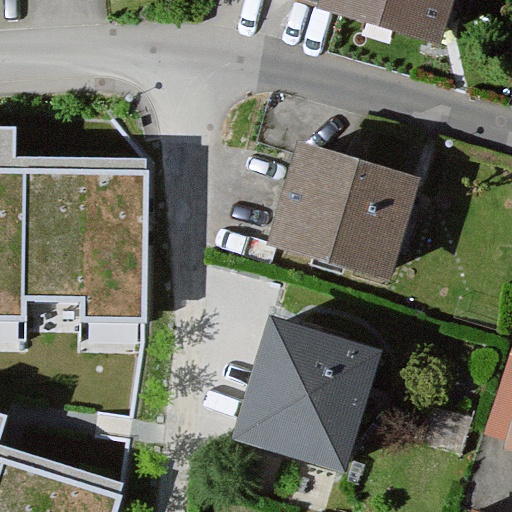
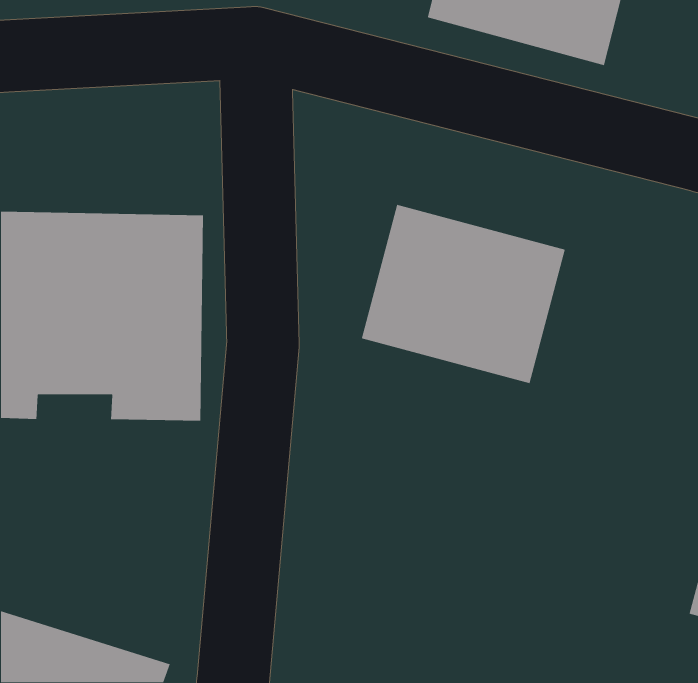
building: [226,321,377,477] -> none

